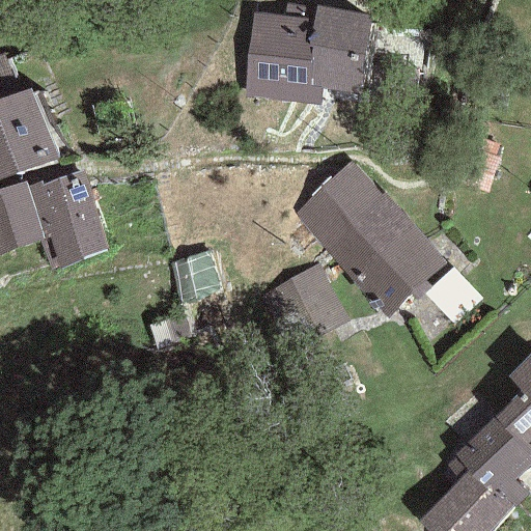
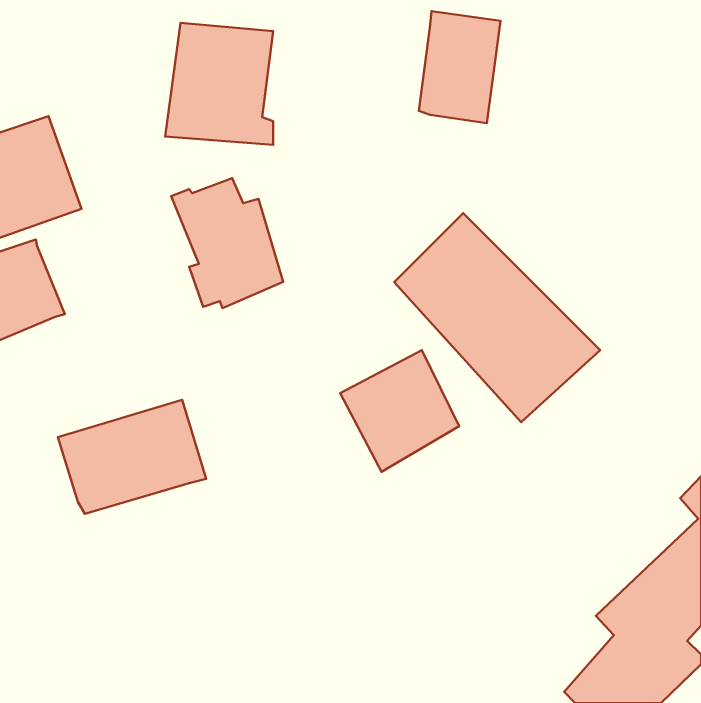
building: [242,12,323,104] -> [165,23,273,145]
building: [28,171,112,269] -> [171,178,283,308]
building: none -> [58,400,206,514]

